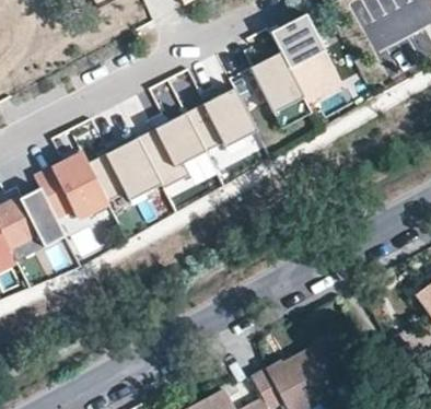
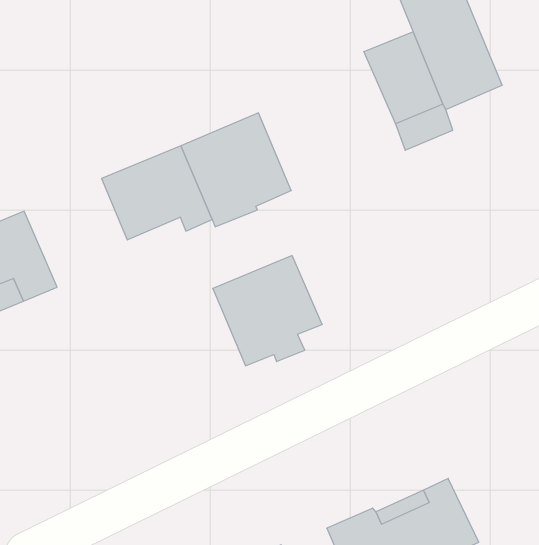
building: [185,86,257,160] -> [213,256,322,366]
building: [35,152,107,217] -> none

